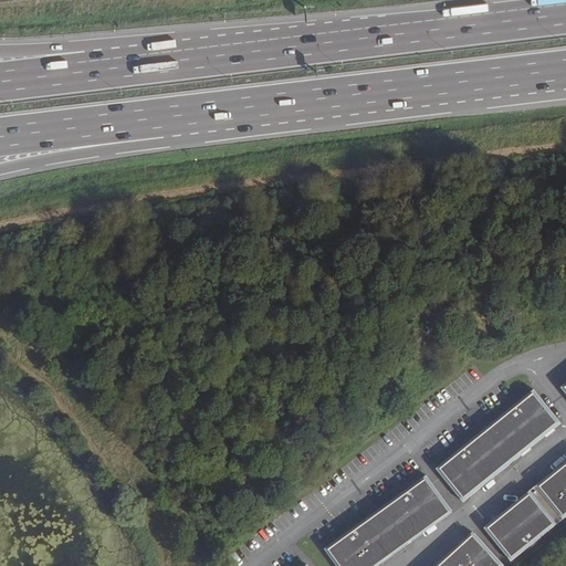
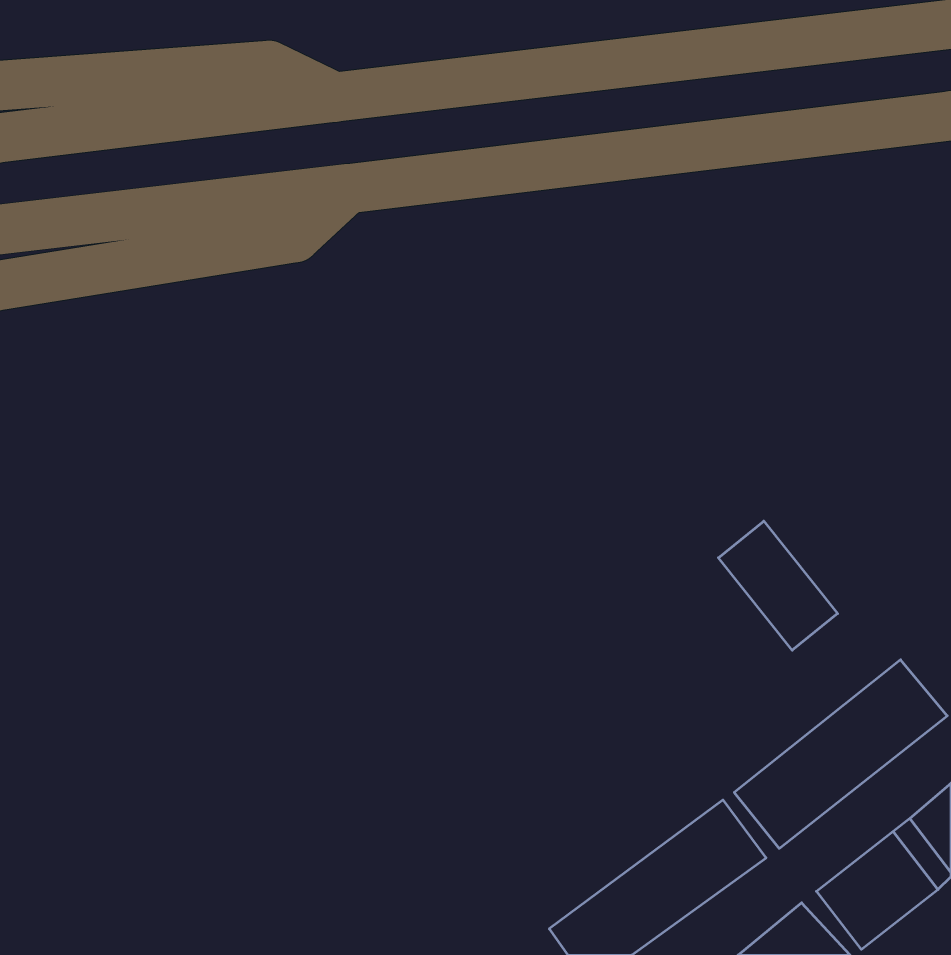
building: none -> [718,521,838,650]

